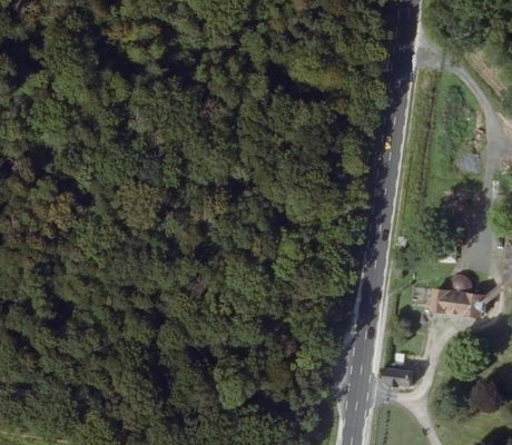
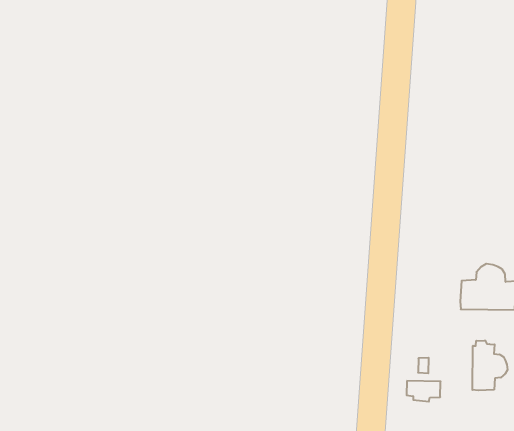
building: none -> [472,340,507,390]

